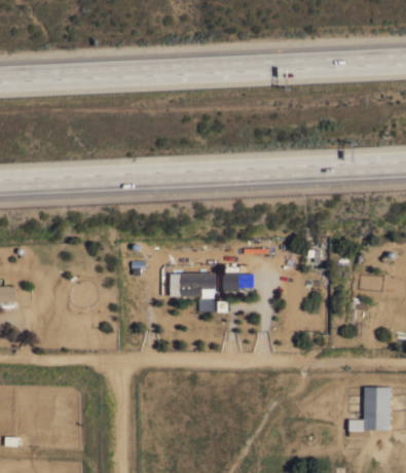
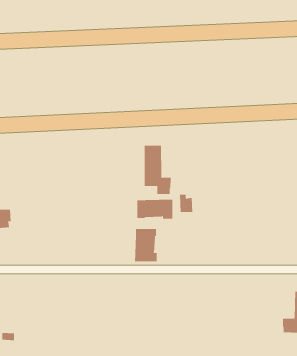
building: none -> [144,145,171,195]
building: none -> [135,228,157,262]

